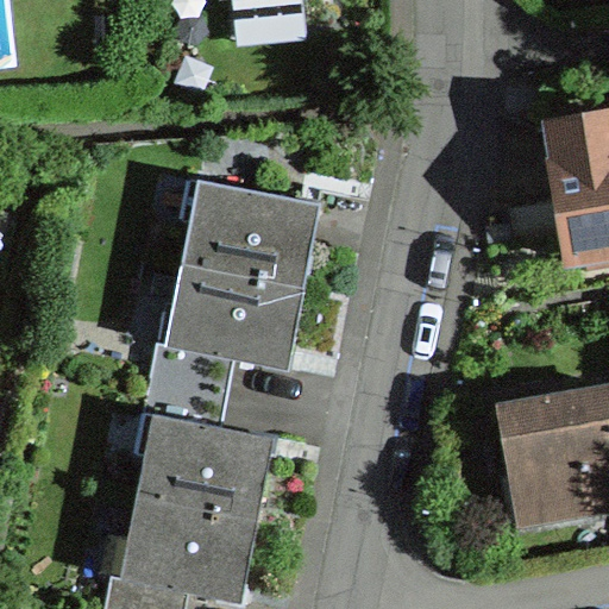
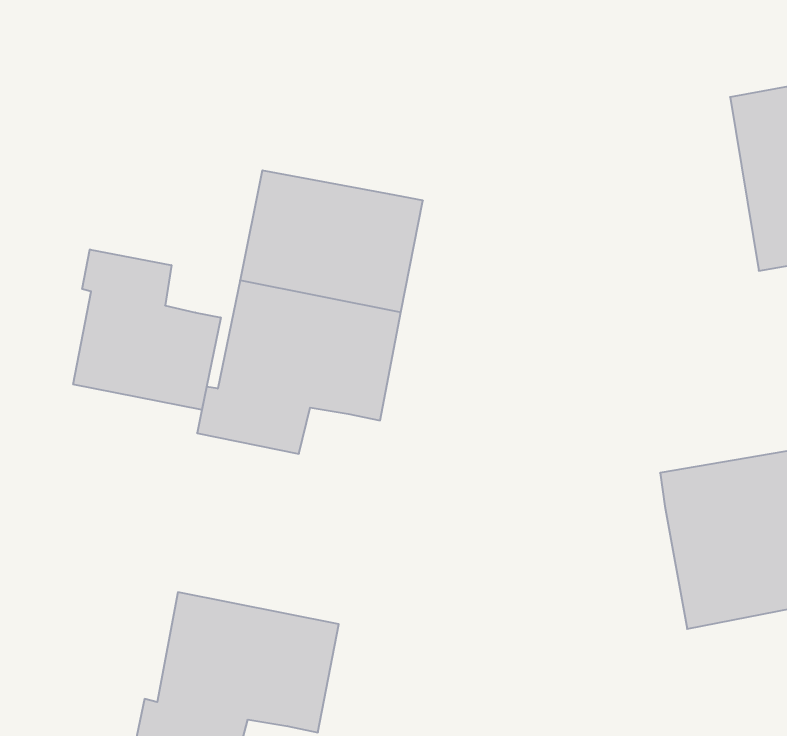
building: none -> [73,249,221,410]
building: [136,377,272,520] -> none

